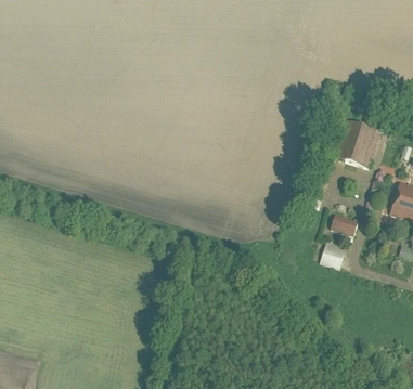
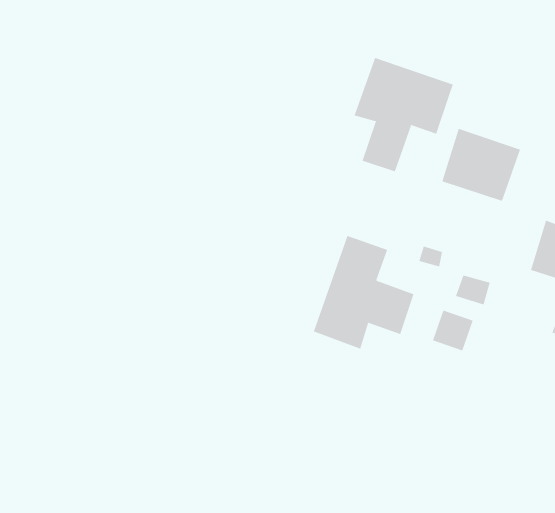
building: none -> [354,57,454,172]
building: none -> [313,235,414,350]

